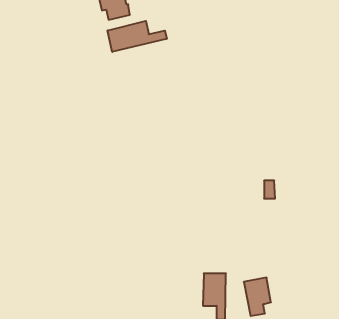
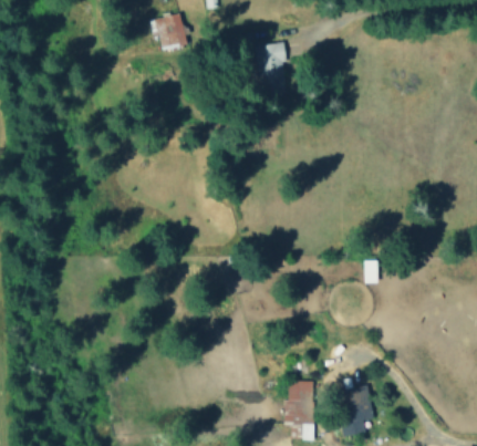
building: none -> [256,43,286,79]
building: [108,21,167,52] -> none

